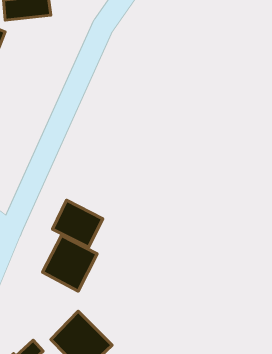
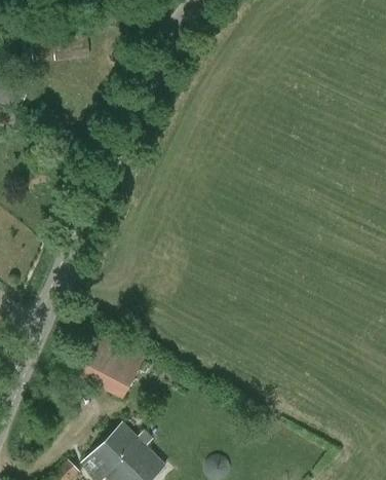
building: [53,200,103,247] -> none

